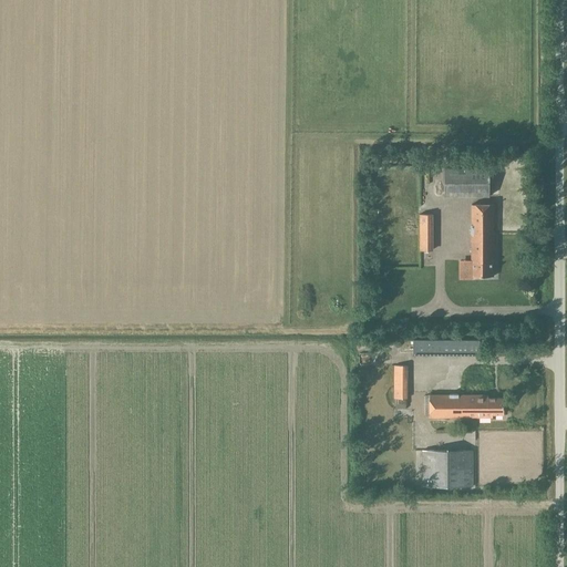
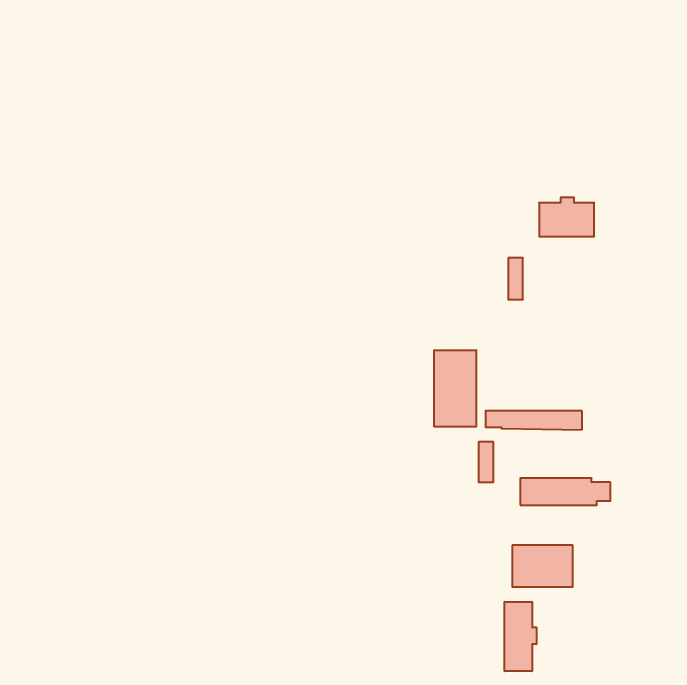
building: [471,204,493,275] -> none
building: none -> [434,350,476,427]
building: none -> [505,602,536,671]

